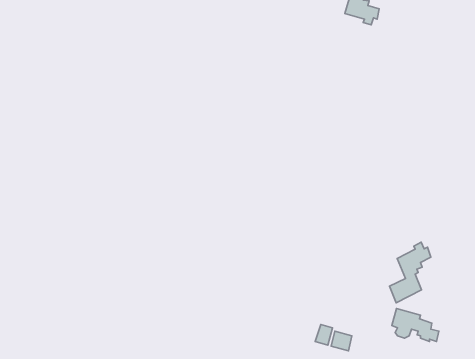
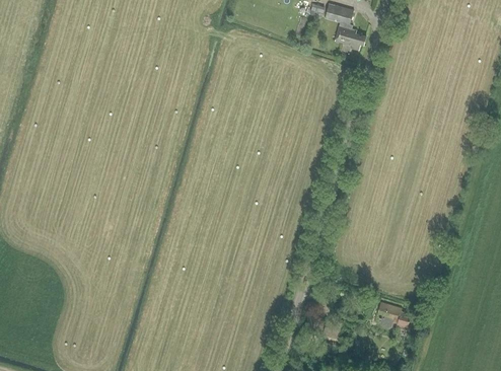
building: [390,242,431,303] -> none

